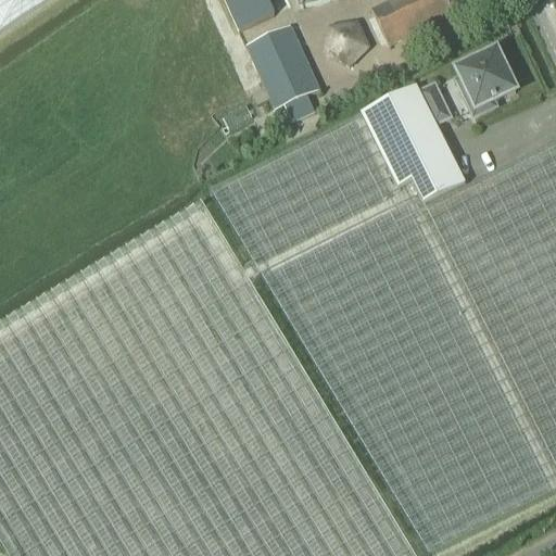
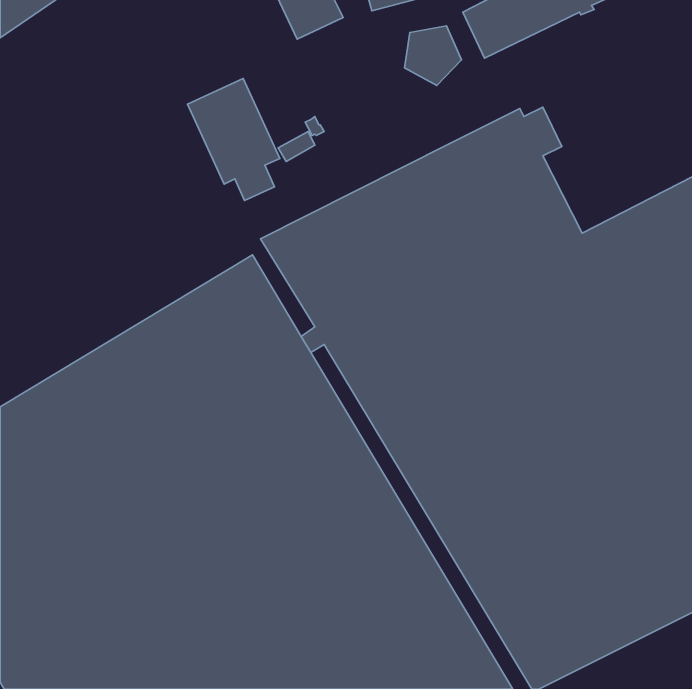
building: [247,26,320,124] -> [188,78,280,200]
building: [458,53,516,117] -> none

